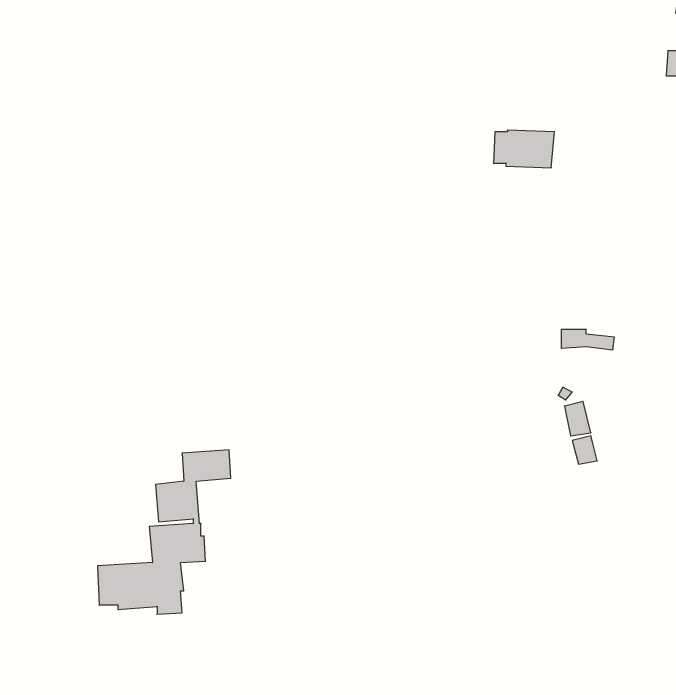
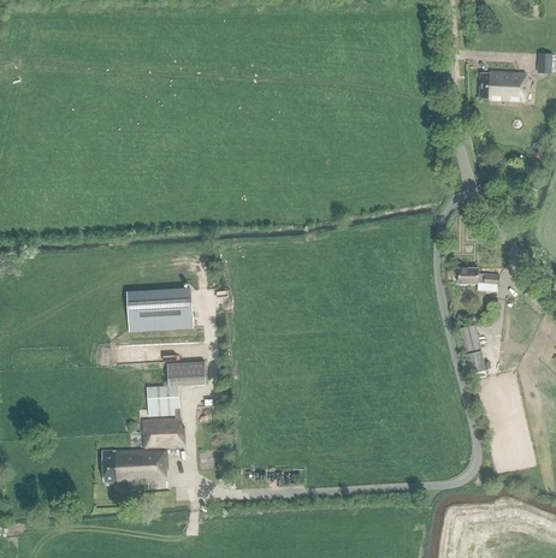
building: [493,130,554,168] -> [479,73,526,102]
building: none -> [126,286,194,330]

